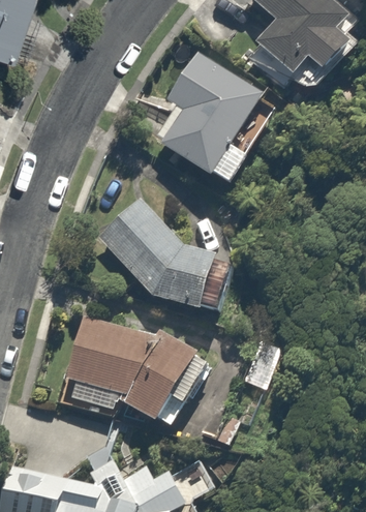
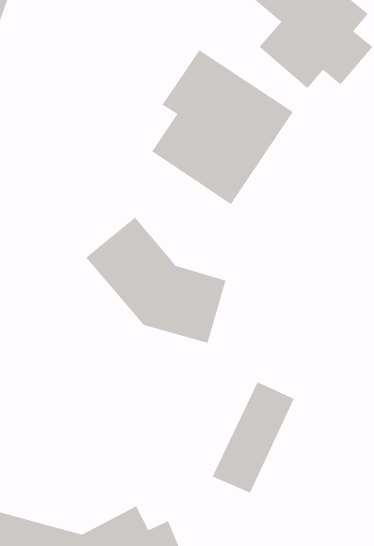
building: [66,318,212,436] -> none

